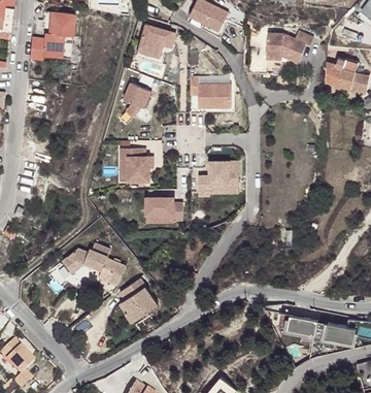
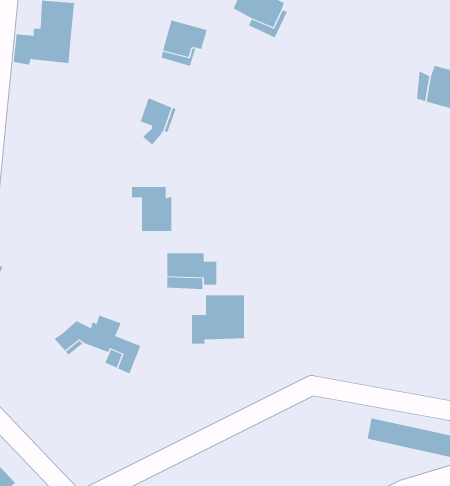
building: [266,31,314,63] -> none
building: [188,75,229,106] -> none
building: [195,160,234,196] -> [191,295,245,344]
building: [119,277,159,321] -> none

